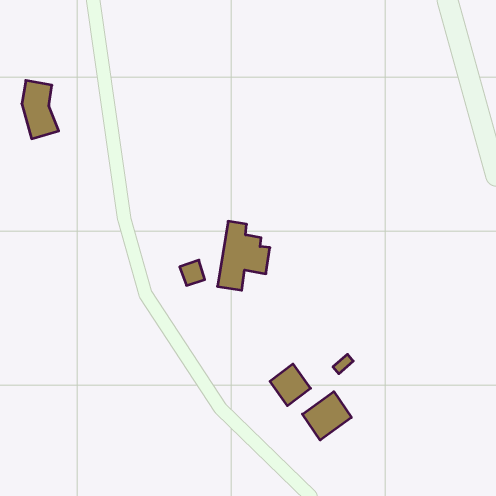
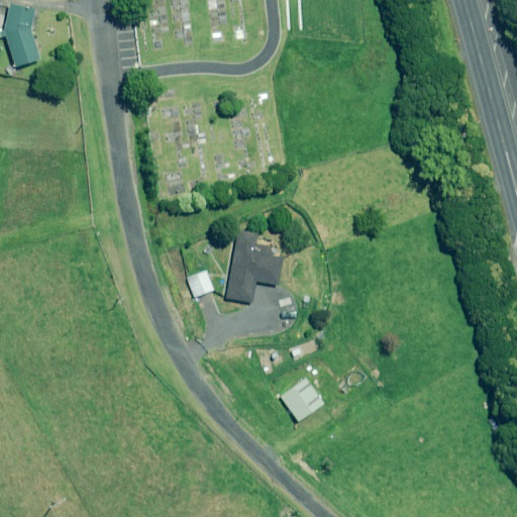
building: [22,80,59,139] -> [4,6,42,67]
building: [302,392,351,440] -> none

